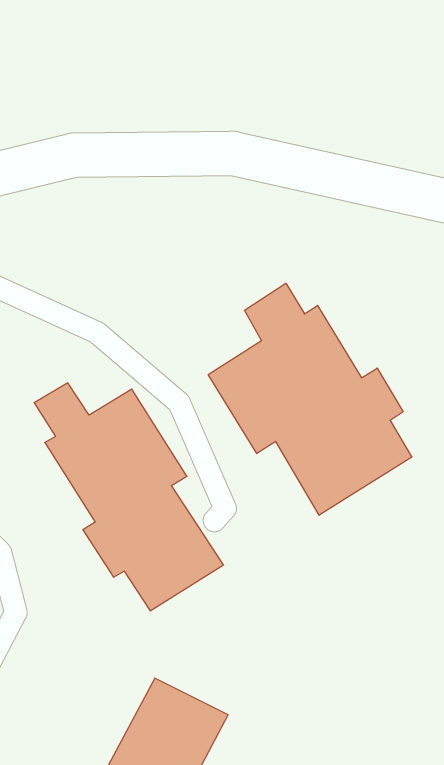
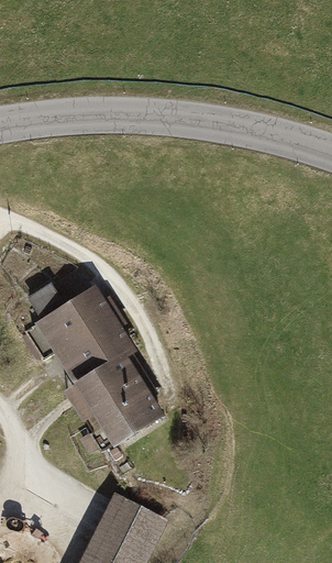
building: [208,283,412,515] -> none

